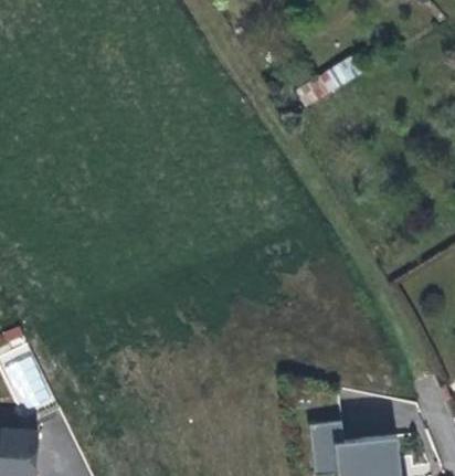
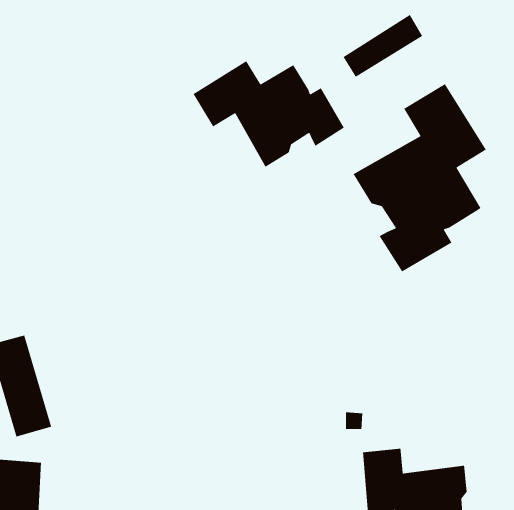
building: none -> [193,60,345,168]
building: none -> [352,83,487,273]

